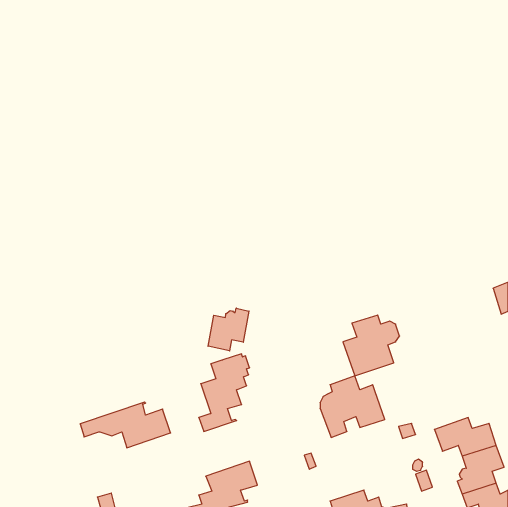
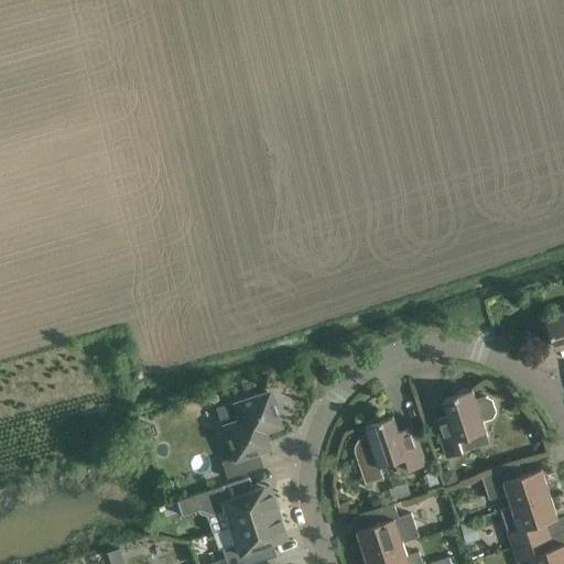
building: [208,308,249,351] -> none
building: [343,315,400,376] -> [434,391,497,458]
building: [80,402,171,448] -> [176,478,276,529]
building: none -> [358,506,420,556]

